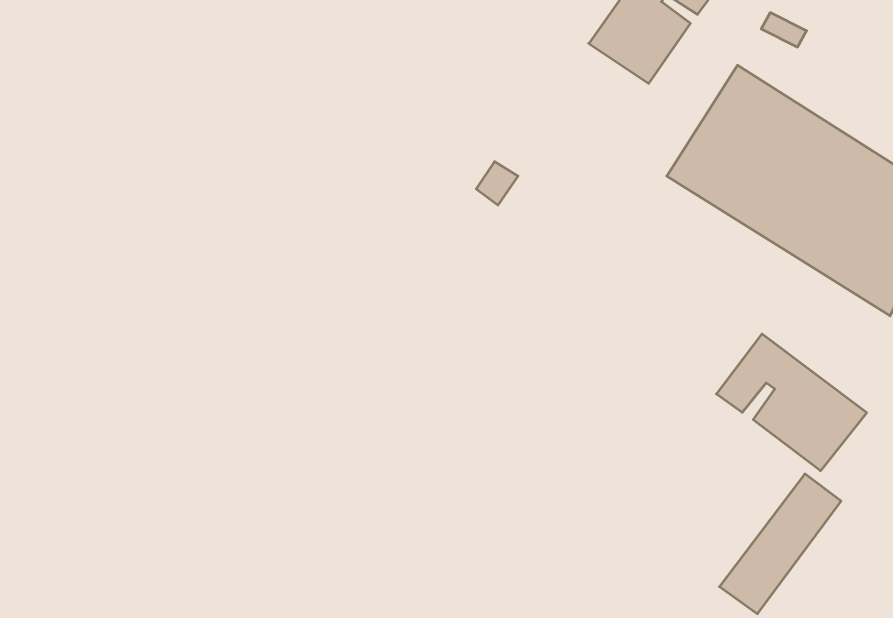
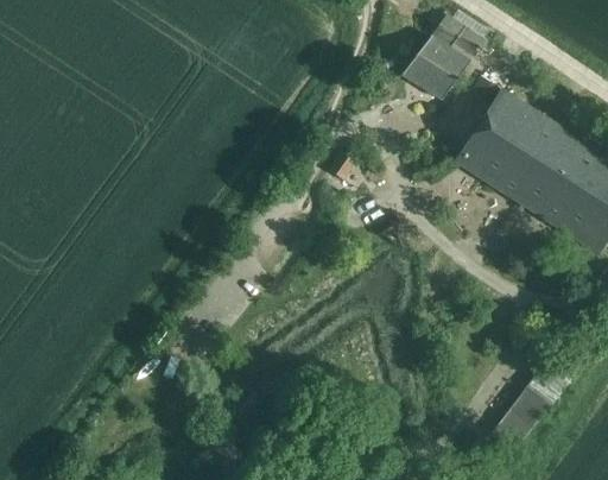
building: [716,334,867,471] -> none

